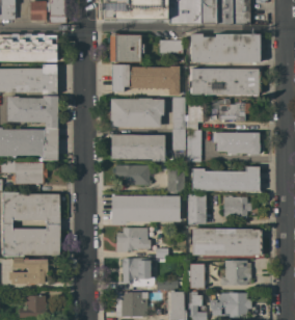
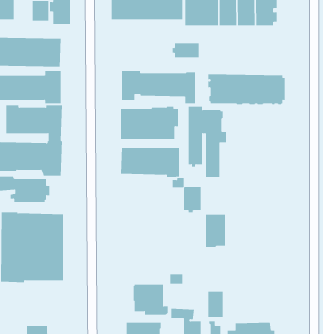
building: [107,33,144,62] -> none
building: [192,33,262,62] -> none
building: [209,99,250,121] -> none
building: [213,132,261,154] -> none
building: [116,164,151,185] -> none
building: [192,166,260,191] -> none
building: [110,195,181,223] -> none
building: [221,195,251,216] -> none
building: [116,228,152,251] -> none
building: [192,229,263,256] -> none
building: [9,257,49,284] -> none
building: [221,260,251,285] -> none

